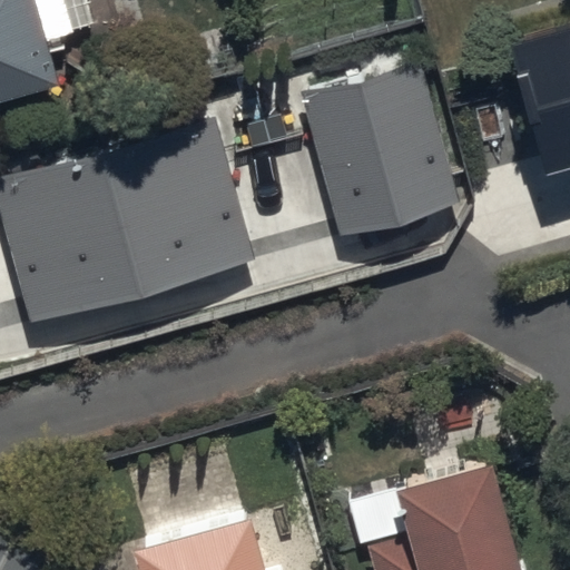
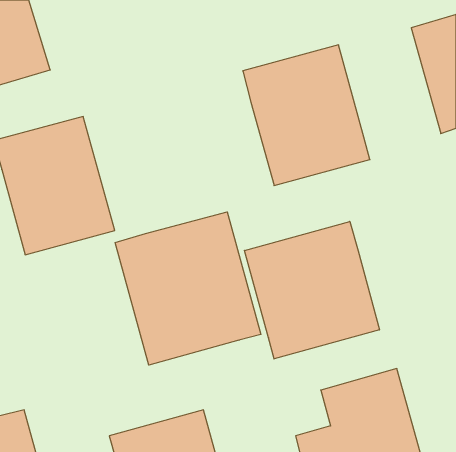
building: [104,121,254,294] -> none
building: none -> [115,212,261,365]
building: none -> [244,221,379,359]

